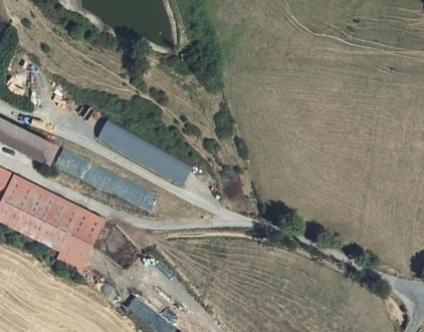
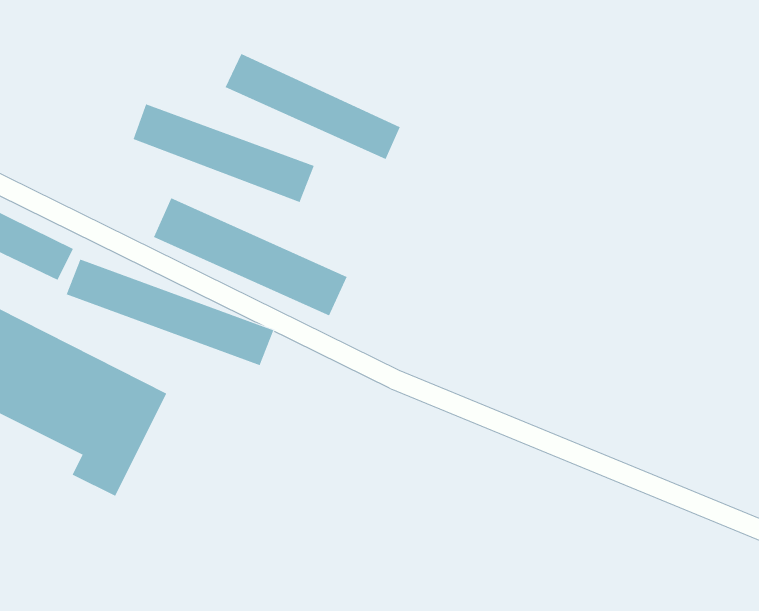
building: none -> [225,53,401,160]
building: none -> [133,104,314,203]

